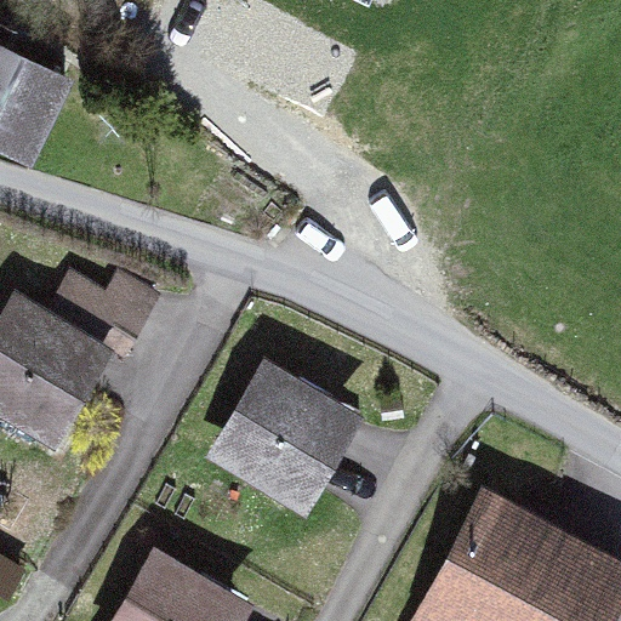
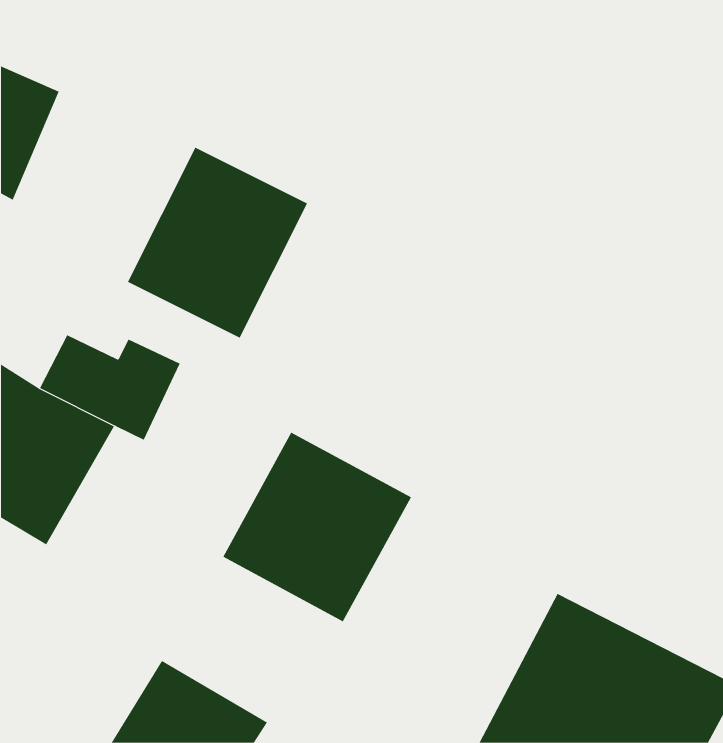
building: none -> [127,147,308,338]

